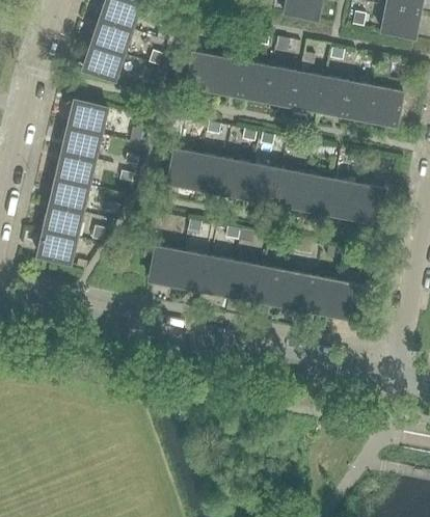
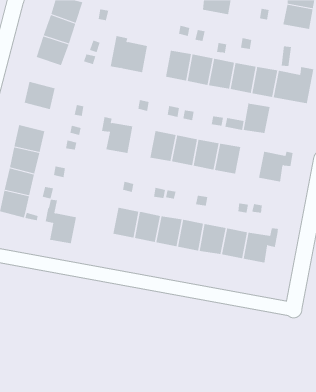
building: [211,57,244,94] -> none
building: [61,126,100,160] -> none
building: [193,154,225,192] -> none
building: [323,179,356,216] -> [243,102,270,133]
building: [142,229,181,283] -> [45,199,77,244]

